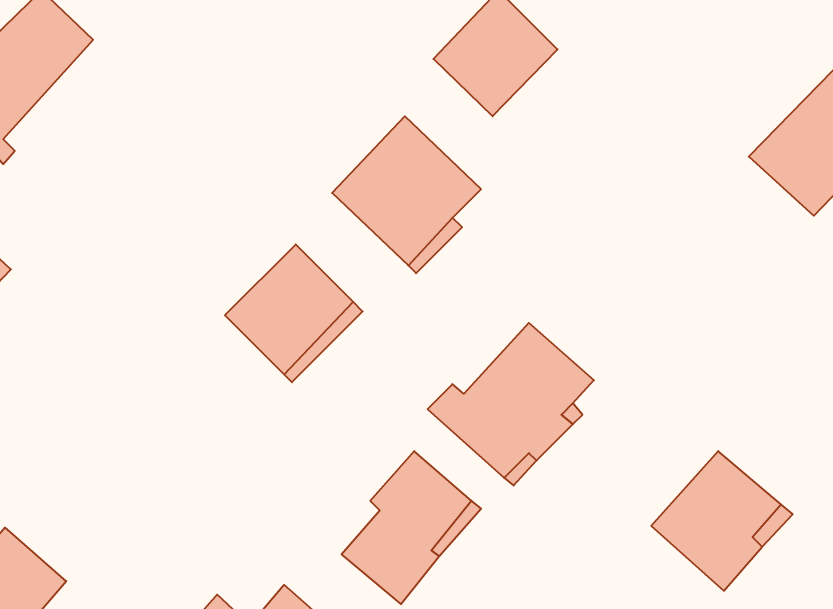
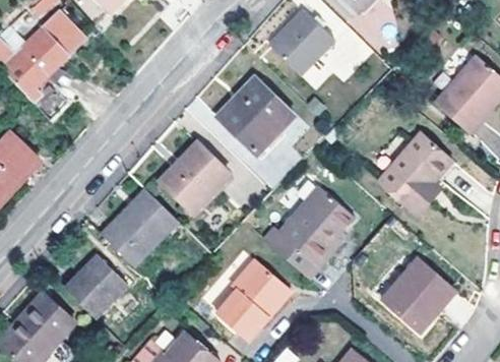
building: none -> [378,129,454,213]
building: none -> [97,191,173,267]
building: none -> [63,259,126,322]

